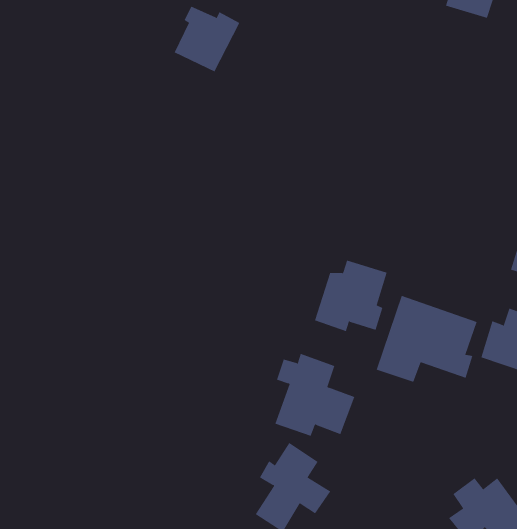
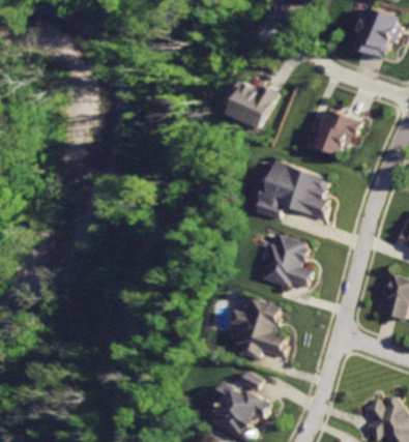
building: [174,6,240,72] -> [223,79,271,127]
building: none -> [313,108,361,154]
building: [376,295,477,383] -> [255,158,329,223]

